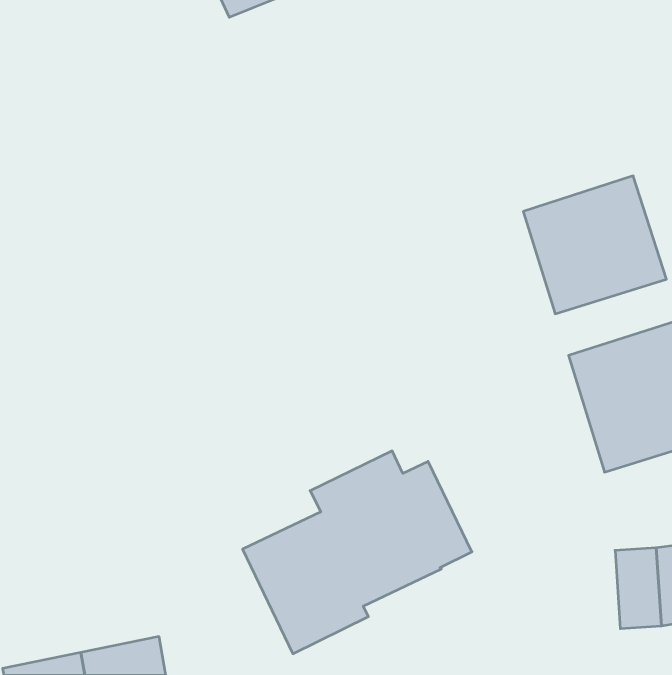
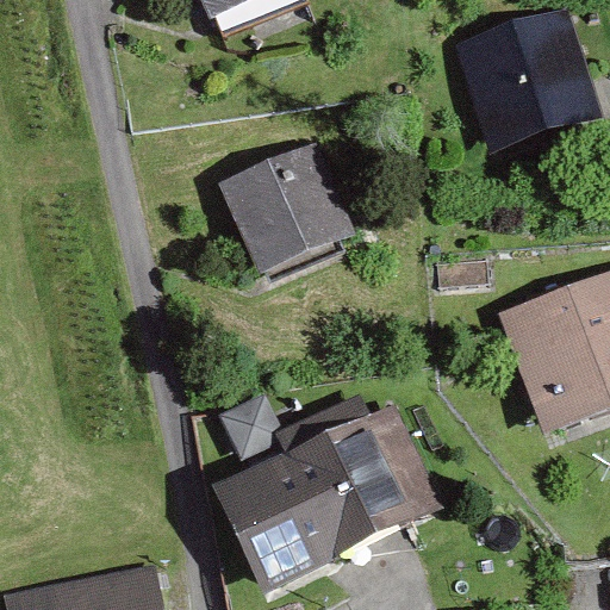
building: none -> [225,156,343,270]
building: [523,176,666,314] -> [461,19,590,143]

